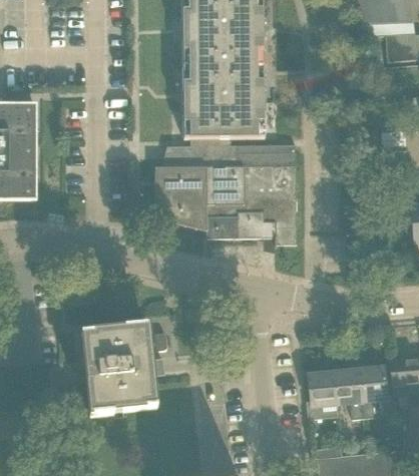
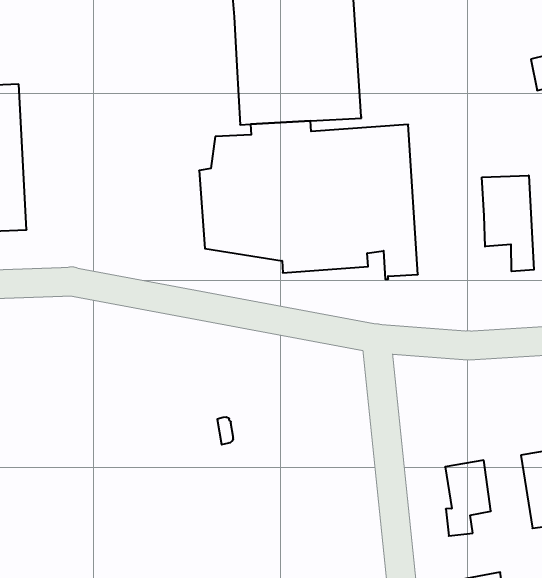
building: none -> [482,175,534,271]
building: [81,324,161,414] -> none
building: [333,367,363,417] -> none

